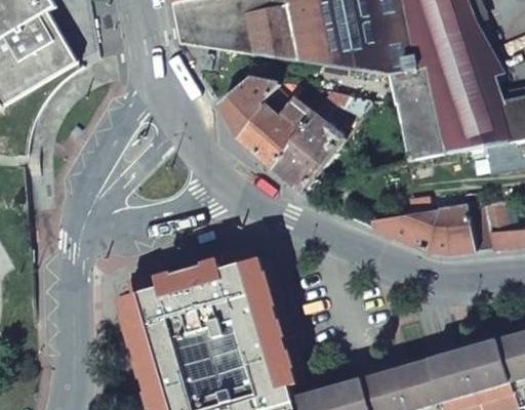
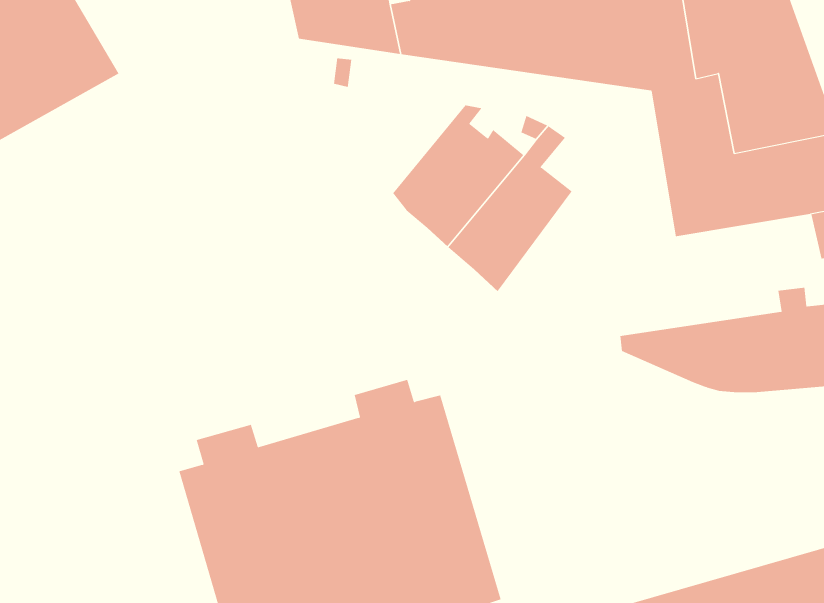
building: [216,74,280,130] -> none

